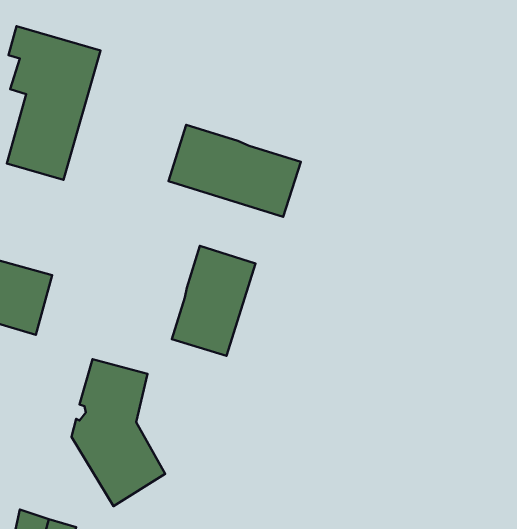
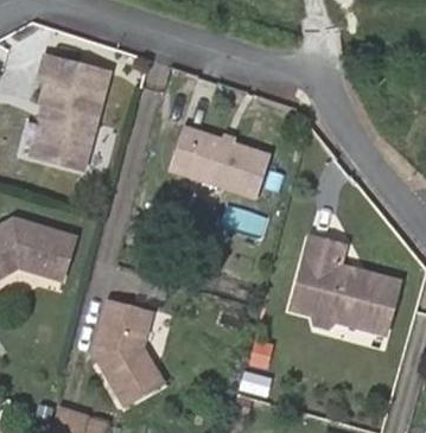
building: [172,246,256,356] -> none
building: none -> [286,233,390,331]

